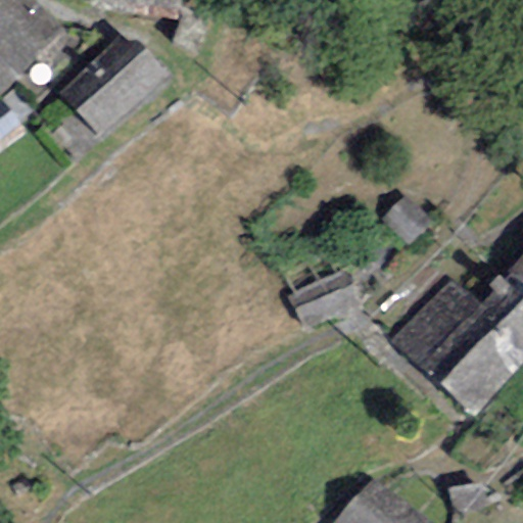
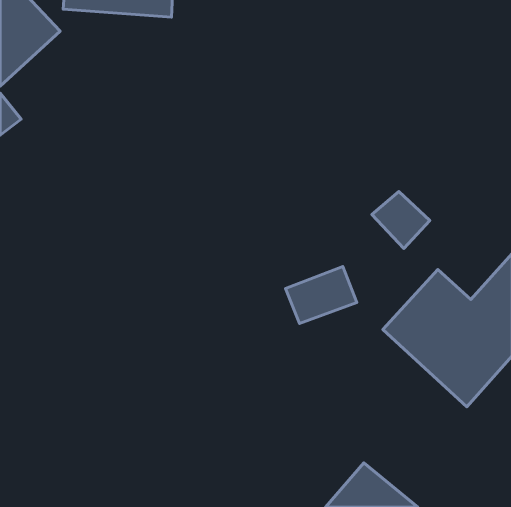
building: [54,33,163,140] -> none

